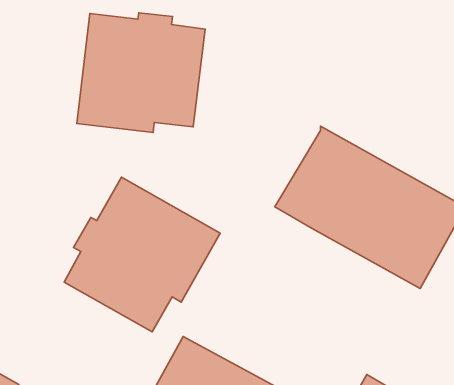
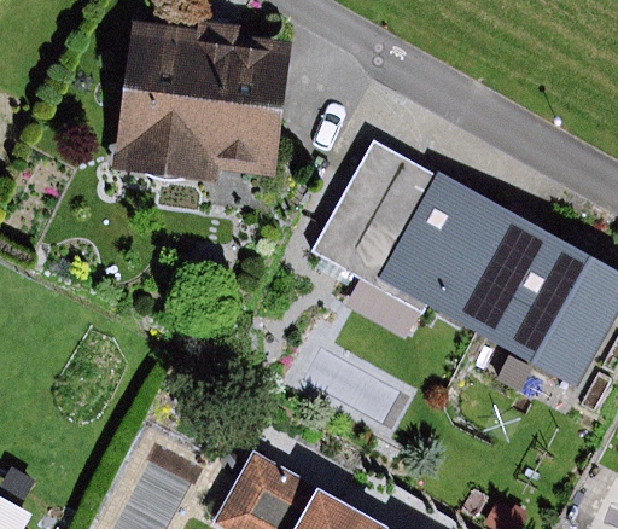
building: none -> [310,140,437,315]
building: [64,177,220,332] -> none

